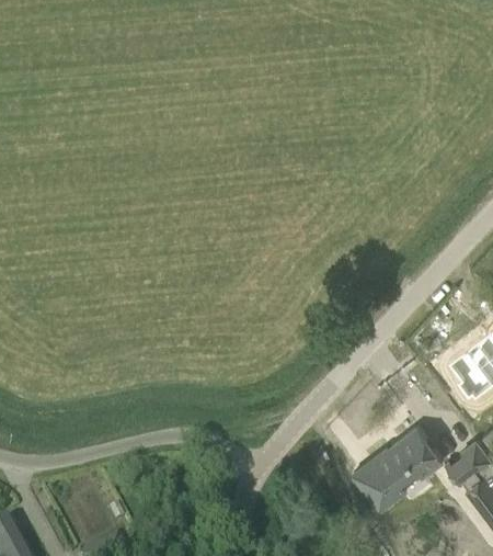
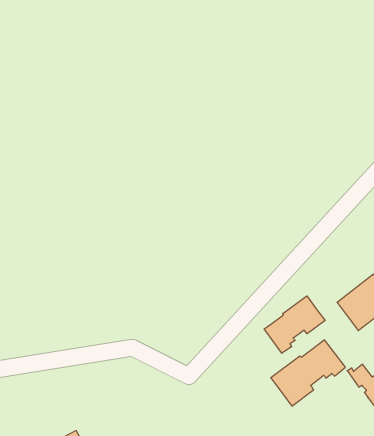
building: none -> [264,296,325,353]

